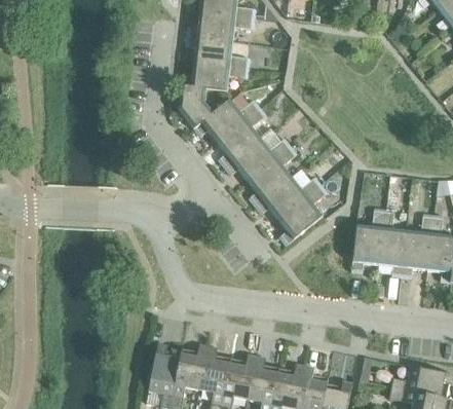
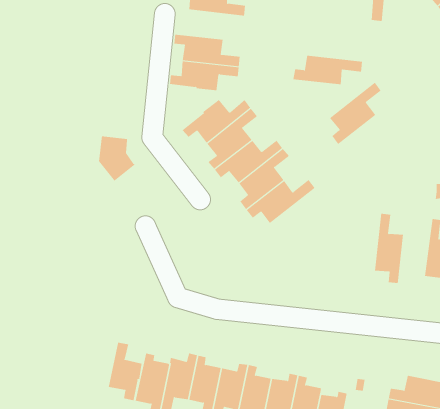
building: [185,12,253,41] -> [293,55,363,85]
building: [177,84,213,128] -> [98,136,135,182]
building: [276,184,327,245] -> [329,82,382,145]
building: [350,208,383,271] -> none
building: [401,213,432,277] -> none
building: none -> [108,342,142,401]

